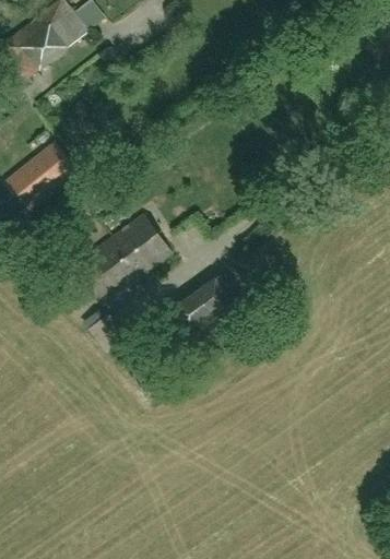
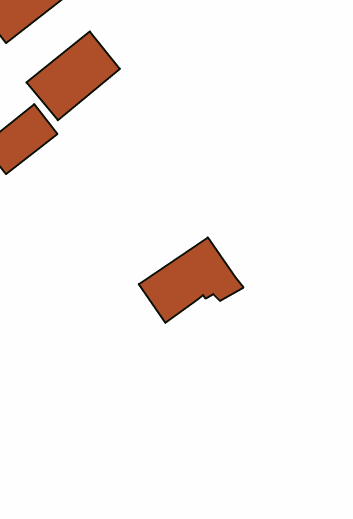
building: none -> [26,31,120,120]
building: [86,213,172,293] -> none

